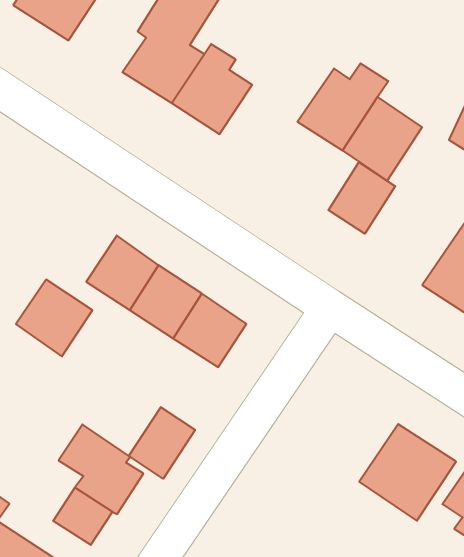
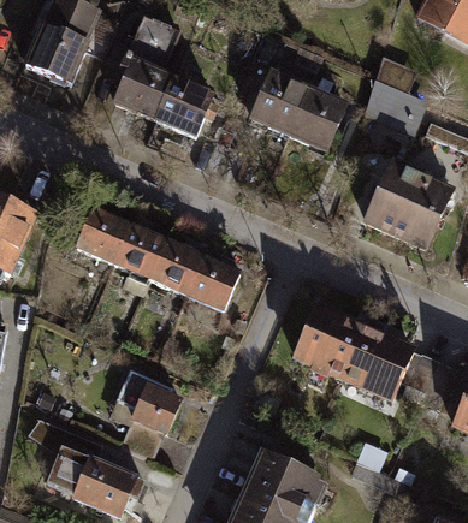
building: [328,162,395,234] -> none
building: [16,280,92,356] -> [76,208,131,263]
building: none -> [295,307,366,378]
building: [129,407,195,479] -> none

